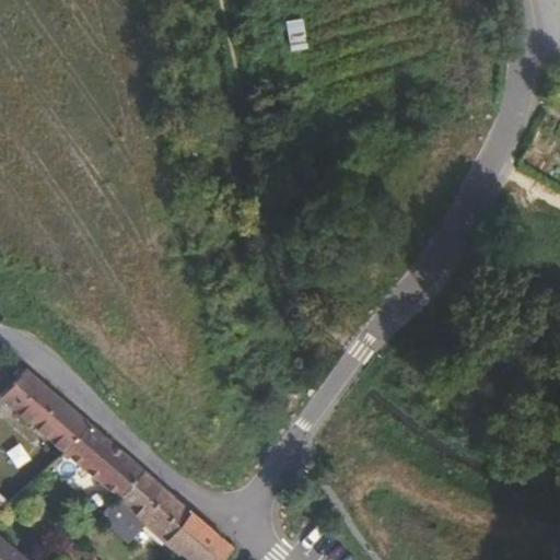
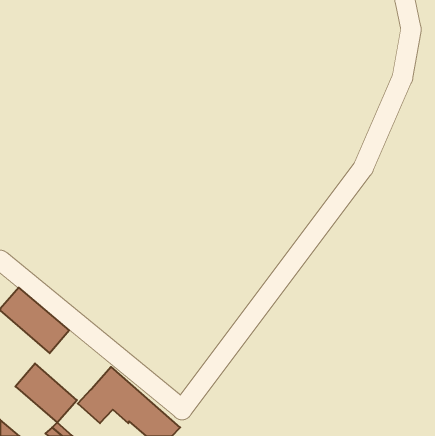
building: [66,423,144,499] -> [15,363,77,422]

